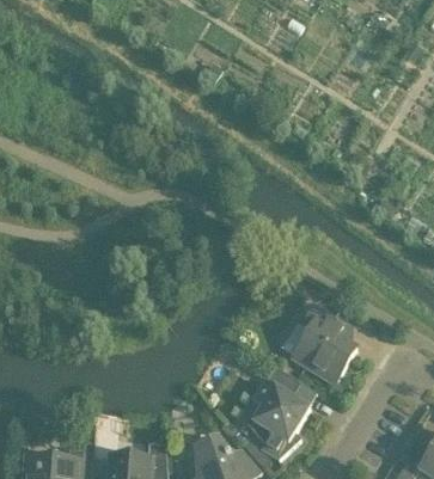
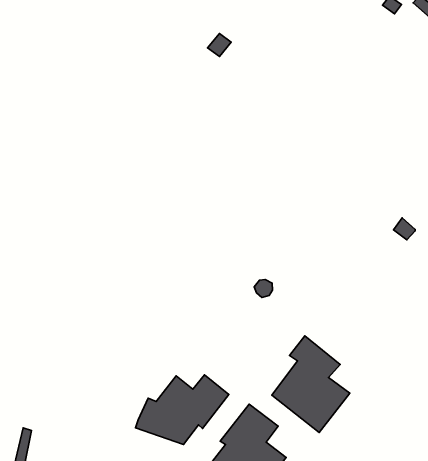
building: none -> [135,375,229,445]

